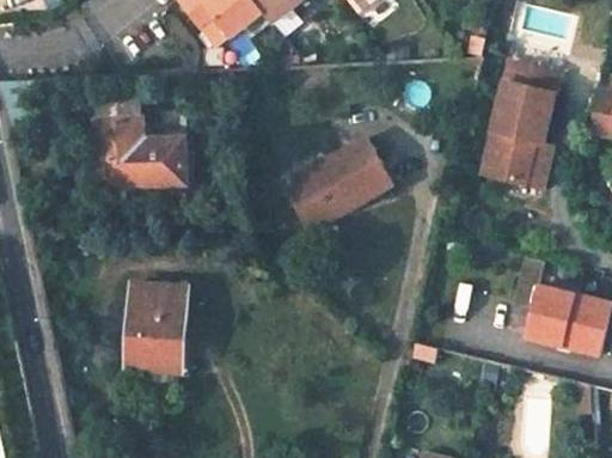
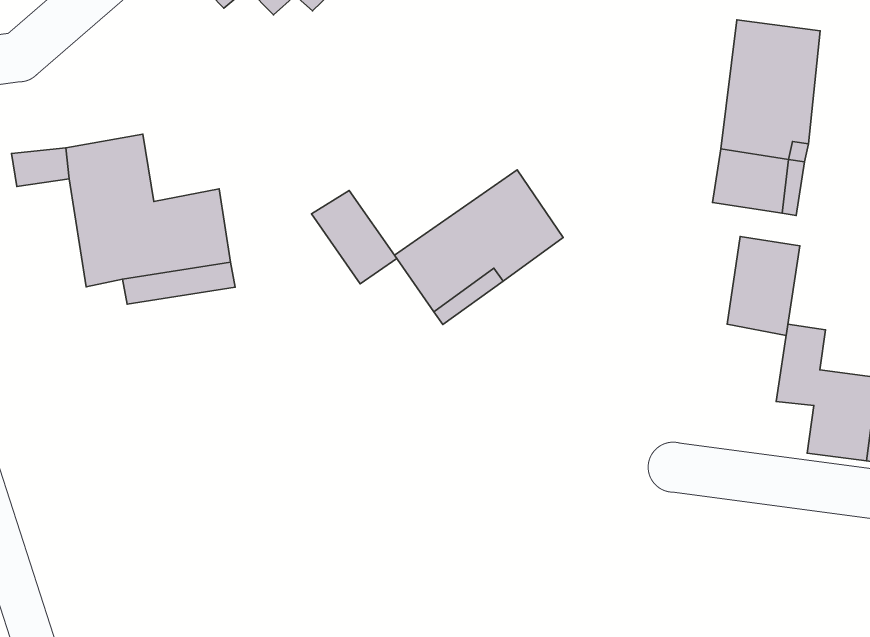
building: none -> [312,190,397,284]
building: none -> [727,237,800,336]
building: [127,286,189,367] -> none

